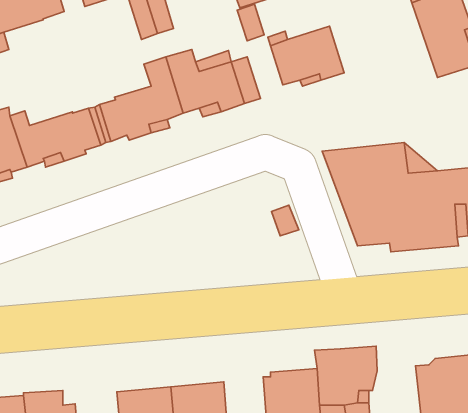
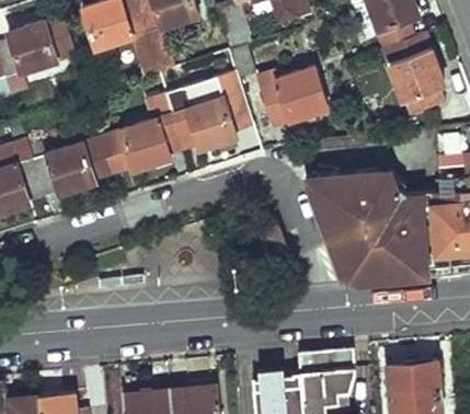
building: none -> [337,261,428,285]

